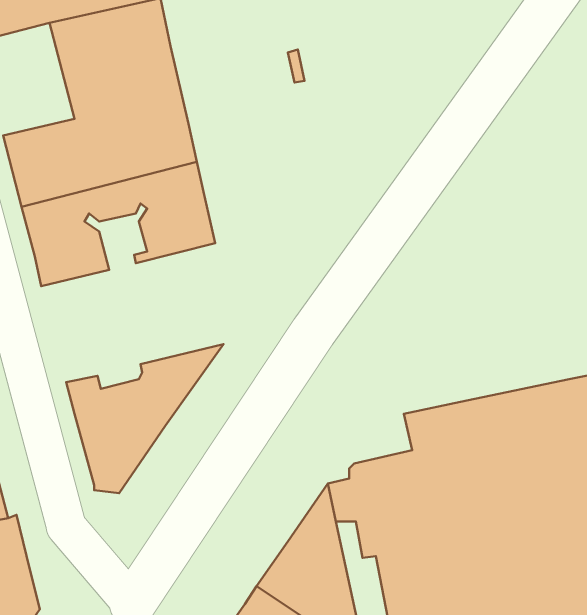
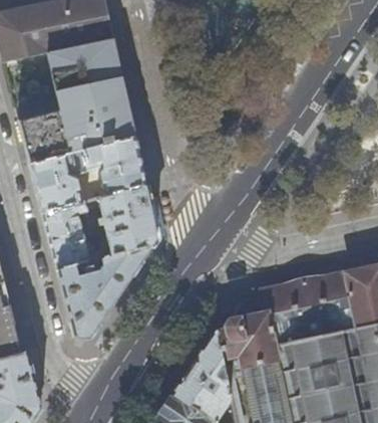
building: none -> [42,186,158,270]

